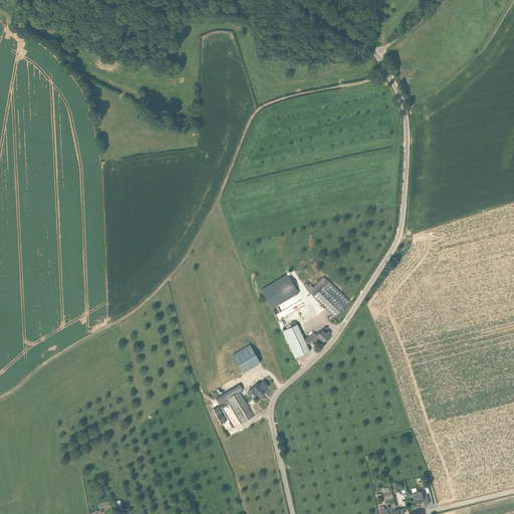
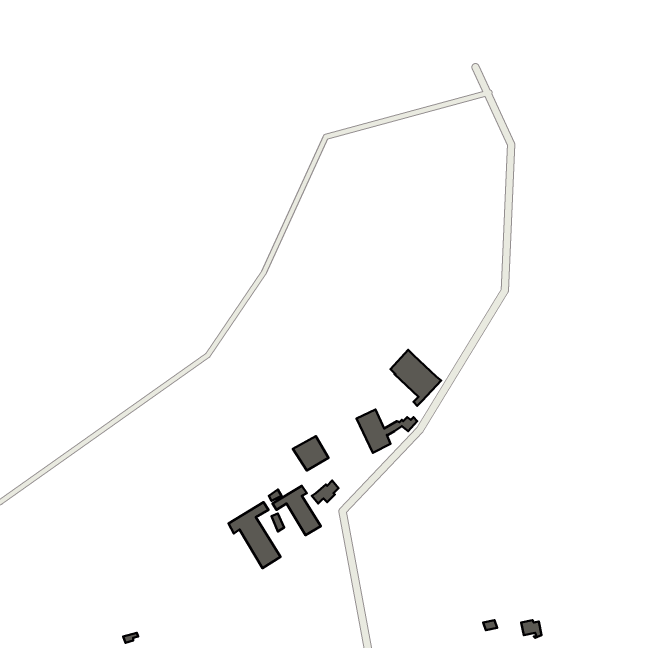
building: [261,274,299,309] -> none
building: none -> [228,502,280,568]

